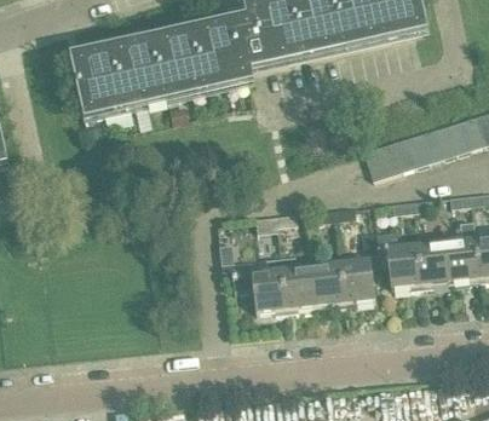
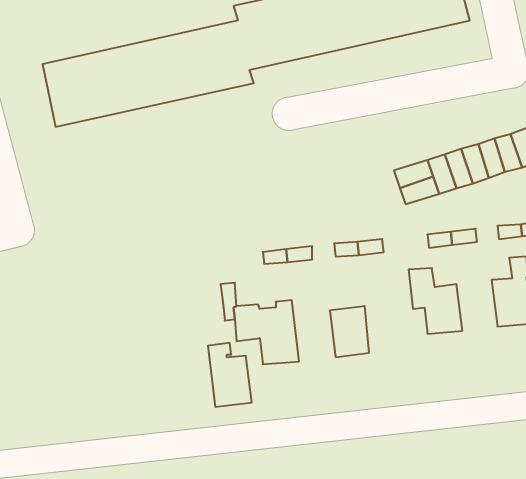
building: [415,232,449,283] -> none
building: [278,255,315,308] -> [208,343,252,407]
building: [339,260,373,301] -> none

